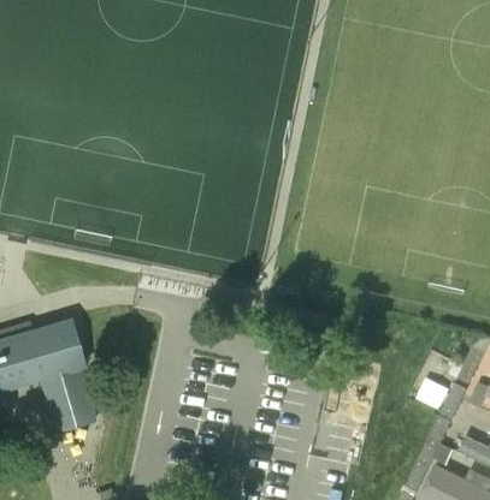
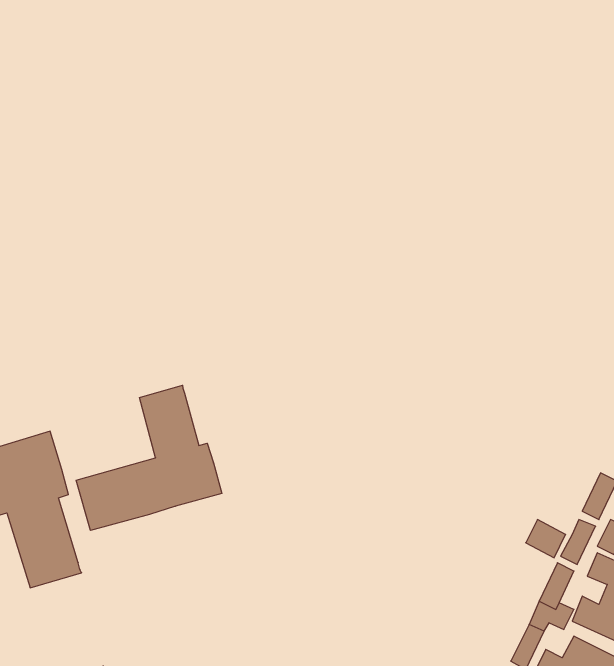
building: none -> [76,385,222,530]

